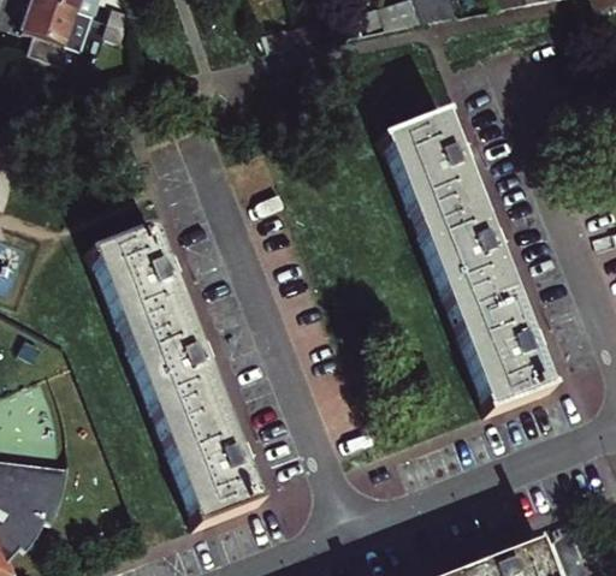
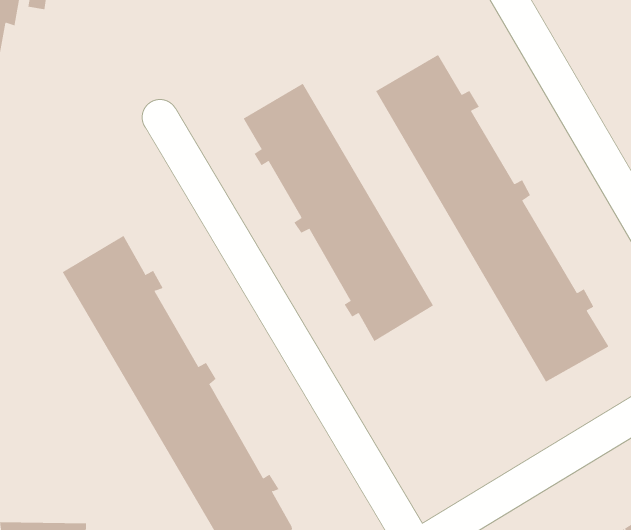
building: none -> [243,83,434,342]

